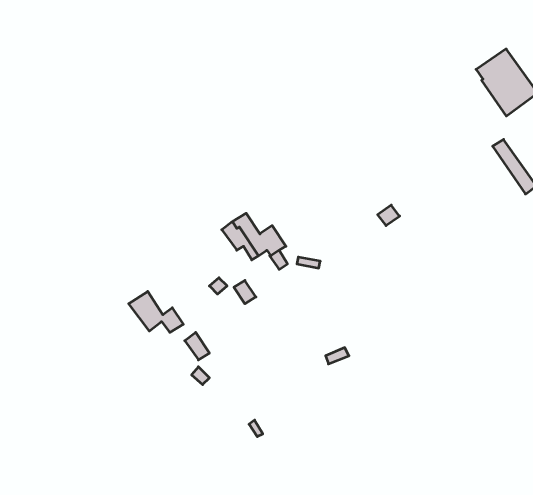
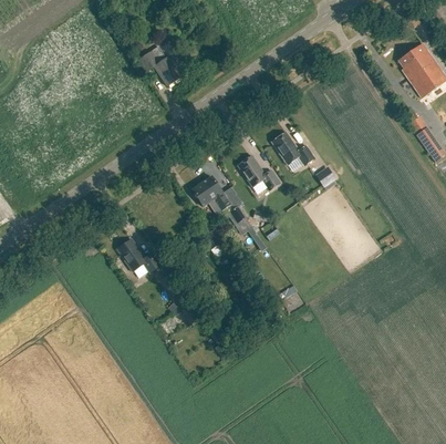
building: none -> [137,45,181,85]
building: none -> [271,131,315,165]
building: none -> [237,155,280,190]

